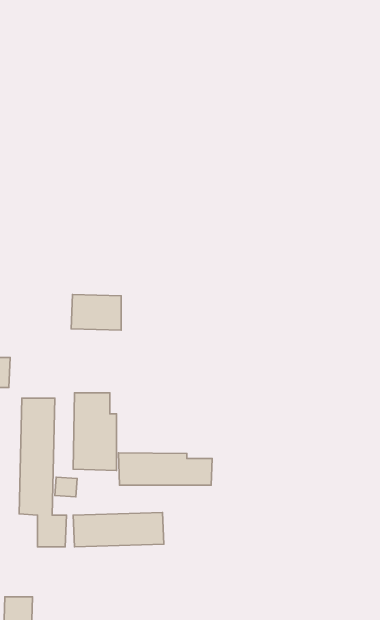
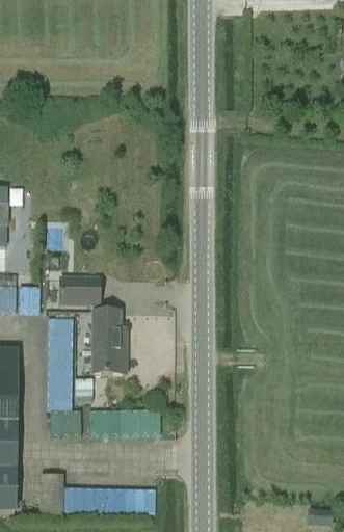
building: [71,295,121,330] -> [59,276,99,304]
building: [119,453,212,485] -> none

